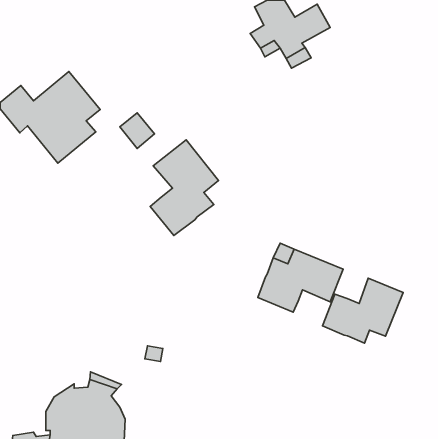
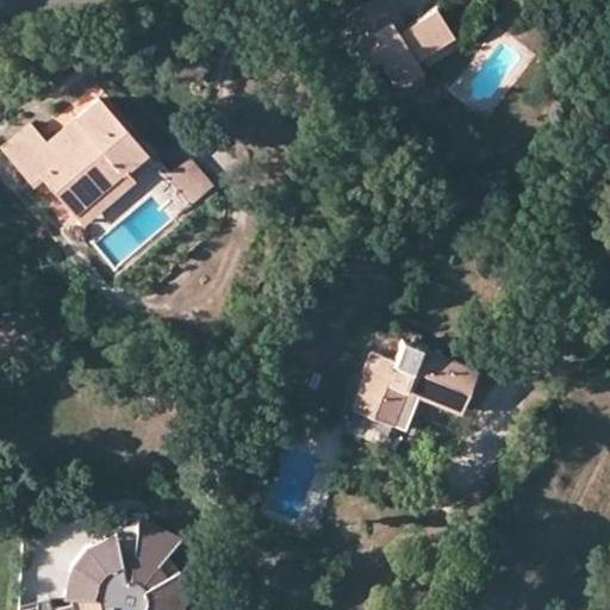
building: [150,140,218,236] -> none
building: [323,278,403,343] -> none

